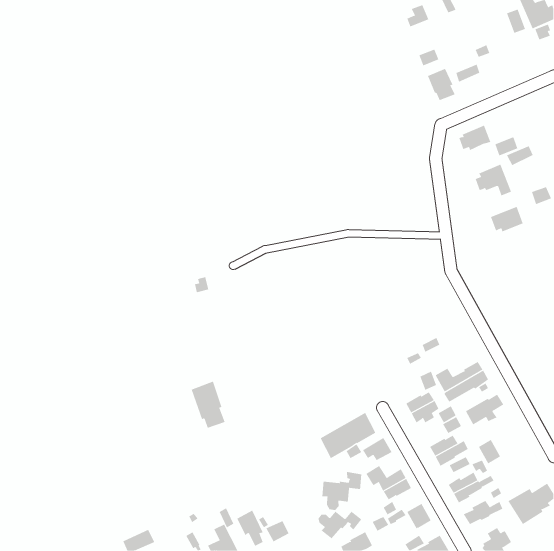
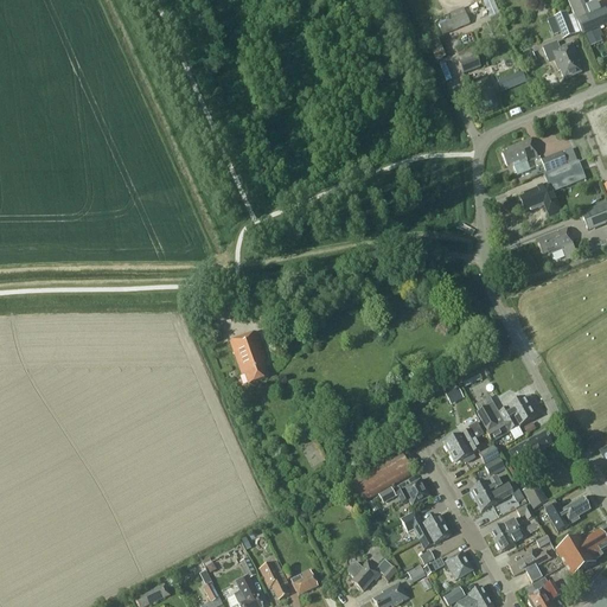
building: none -> [542,39,581,77]
building: [191,381,225,429] -> [230,330,268,382]
building: none -> [545,496,589,530]
building: [322,471,362,511] -> none

